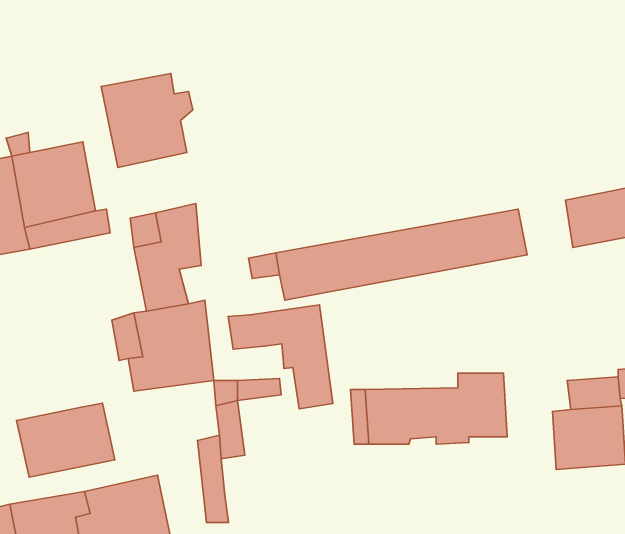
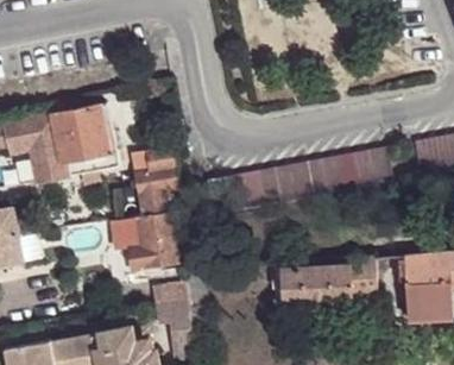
building: [101,73,193,167] -> none
building: [228,305,333,409] -> none
building: [17,403,115,477] -> none

